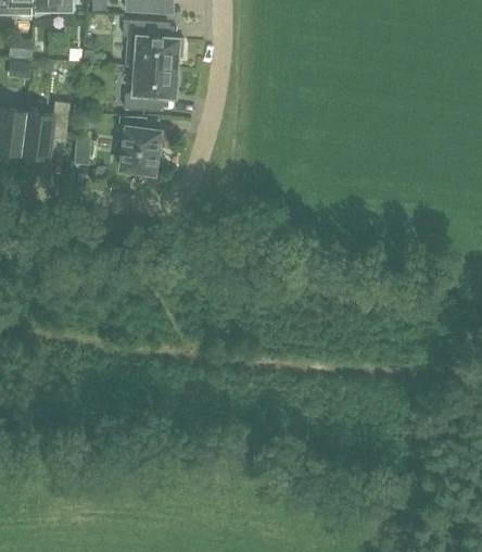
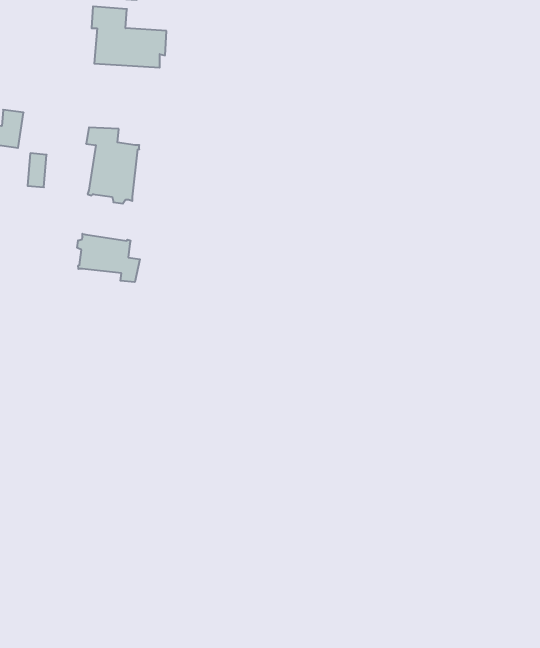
building: [125,65,178,111] -> none
building: none -> [77,234,140,282]

